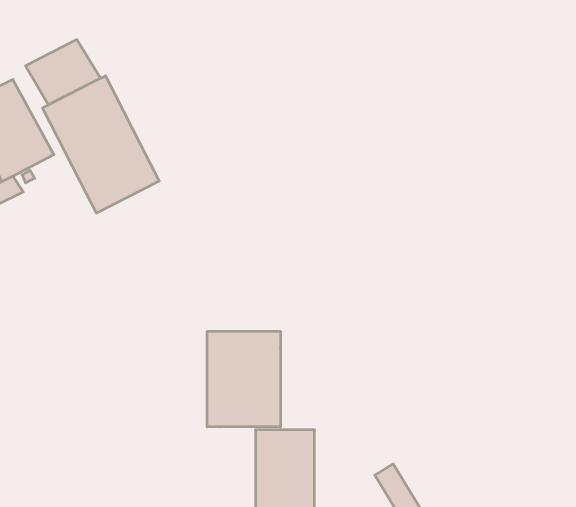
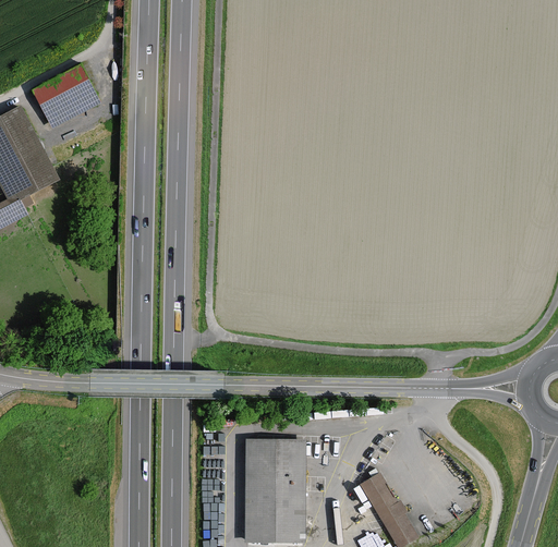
building: [43,76,159,213] -> none
building: [207,331,280,427] -> none

